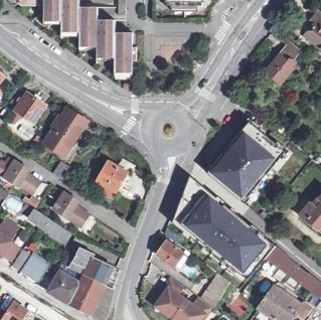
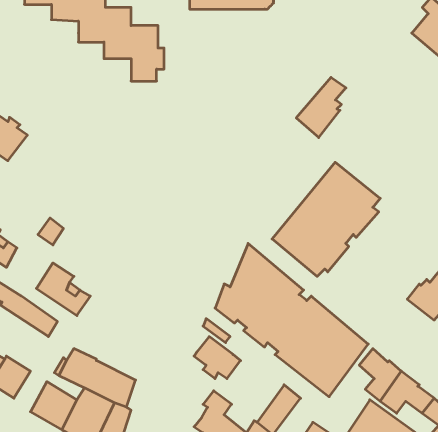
building: [265,43,298,84] -> [296,77,346,138]
building: [43,107,87,154] -> none
building: [96,160,129,195] -> none

